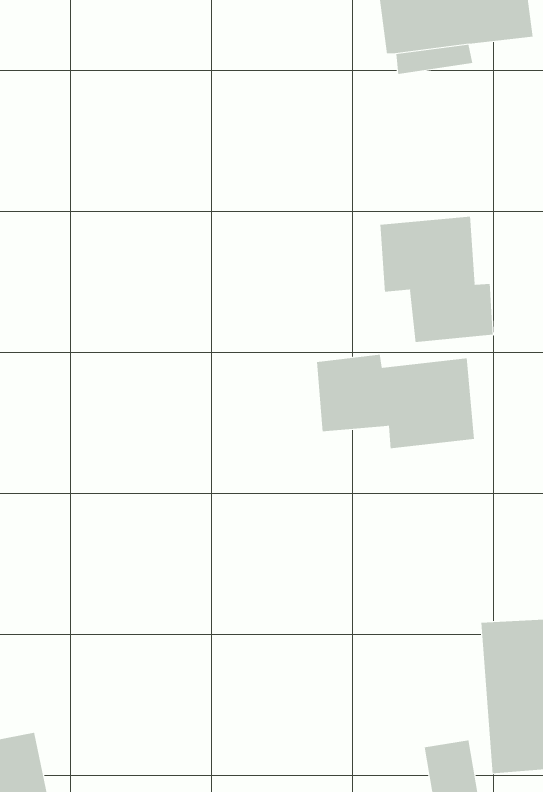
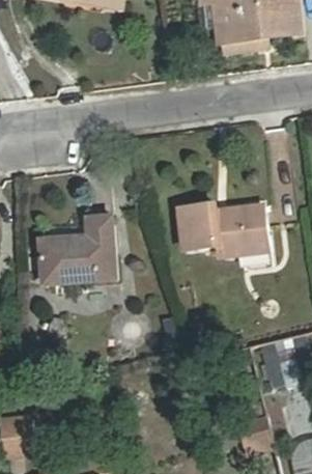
building: [380,216,493,343] -> none
building: none -> [39,215,114,282]

